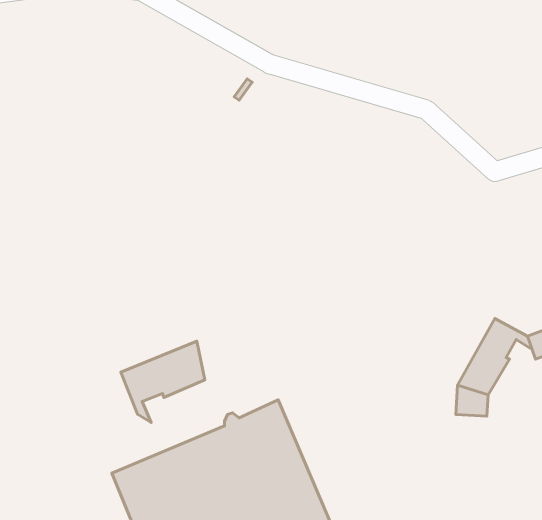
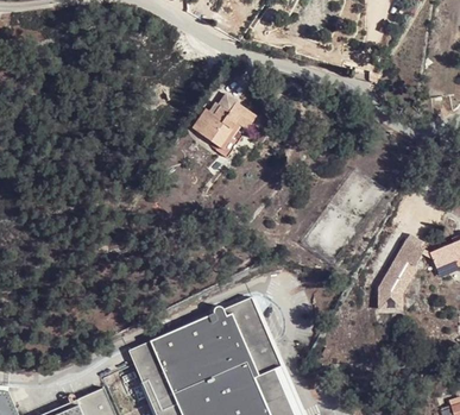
building: none -> [191,93,254,156]
building: [121,341,205,422] -> none

